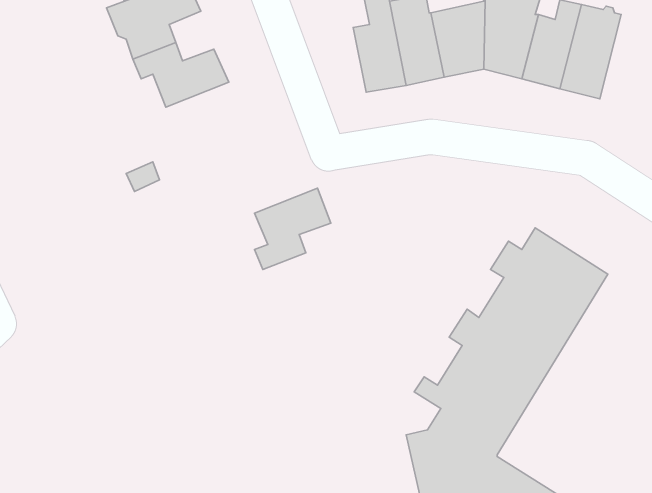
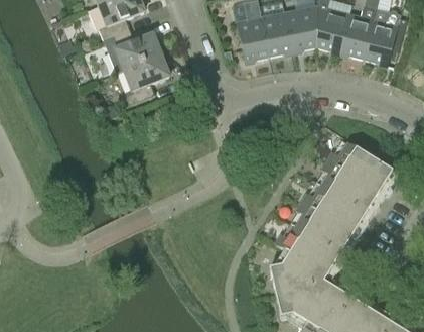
building: [255,188,331,269] -> [124,54,170,104]

